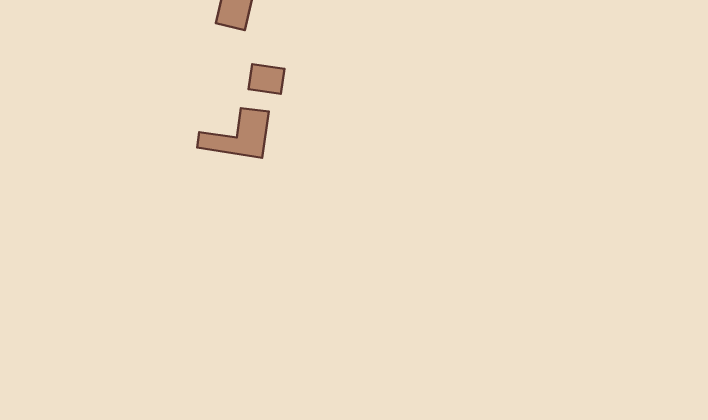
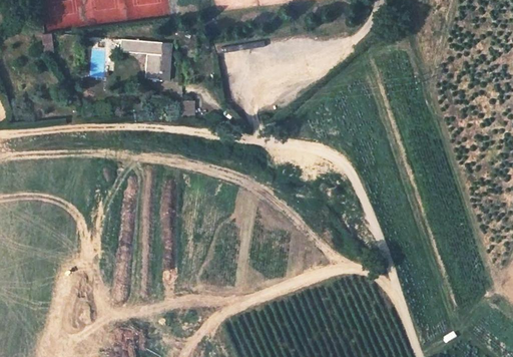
building: [197,108,269,158] -> none

